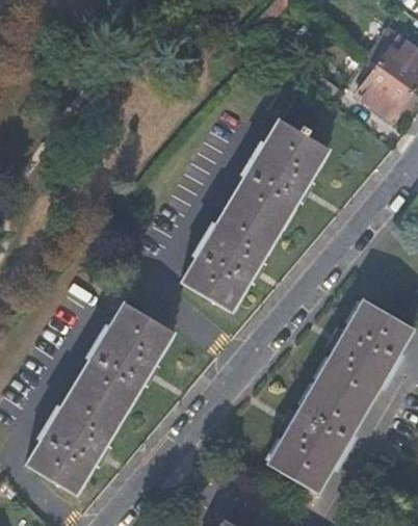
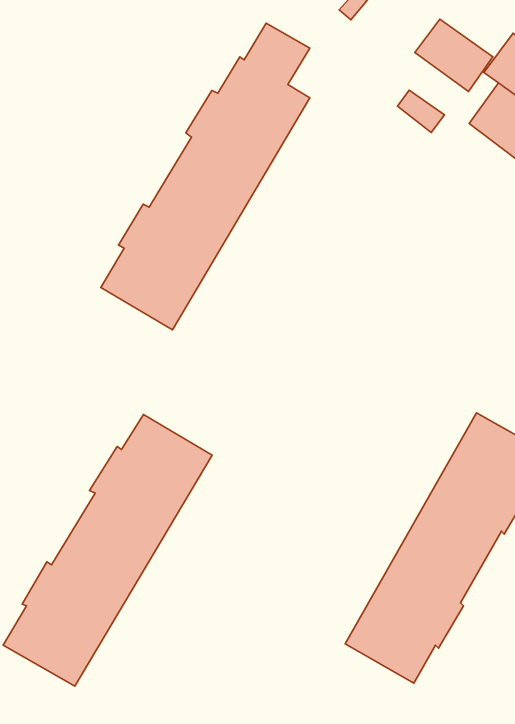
building: none -> [415,19,493,92]
building: [181,95,330,313] -> [101,23,310,330]

